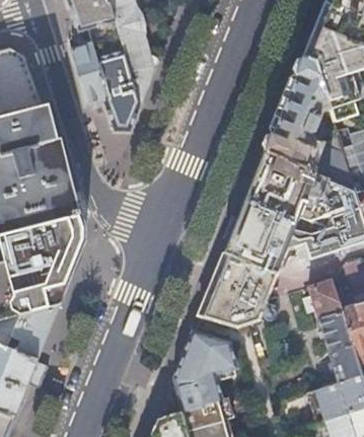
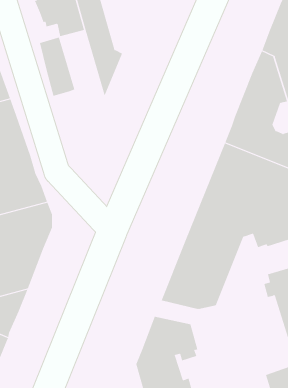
building: [93,34,140,129] -> none

